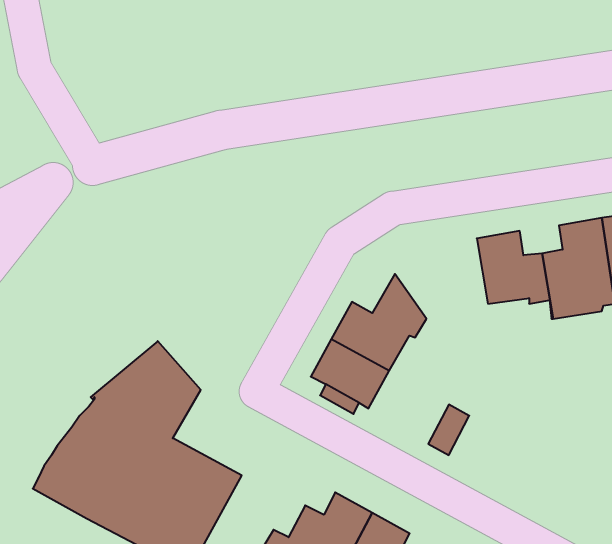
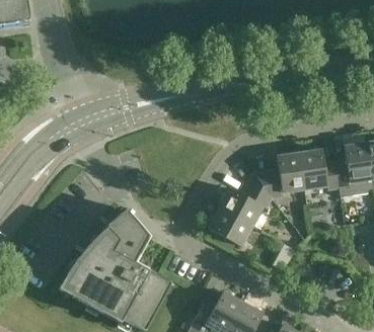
building: none -> [254,153,305,196]

